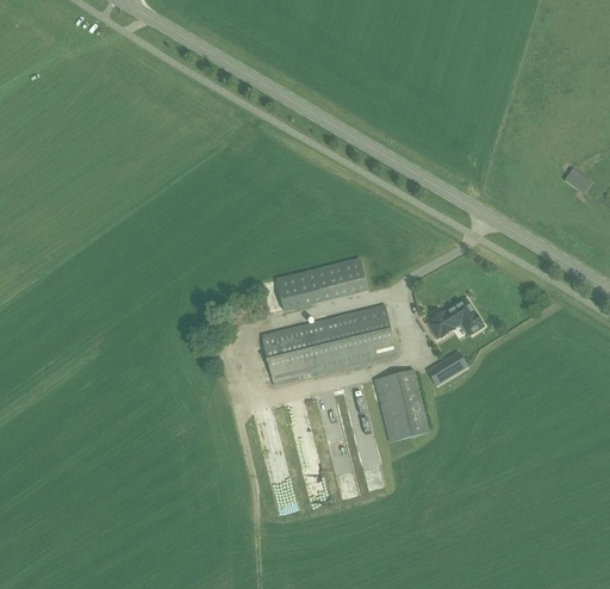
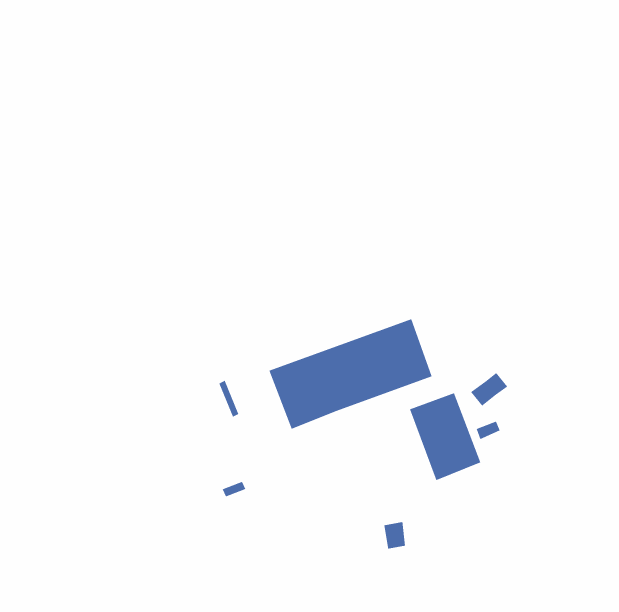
building: [275,256,367,311] -> none
building: [425,298,483,337] -> none

